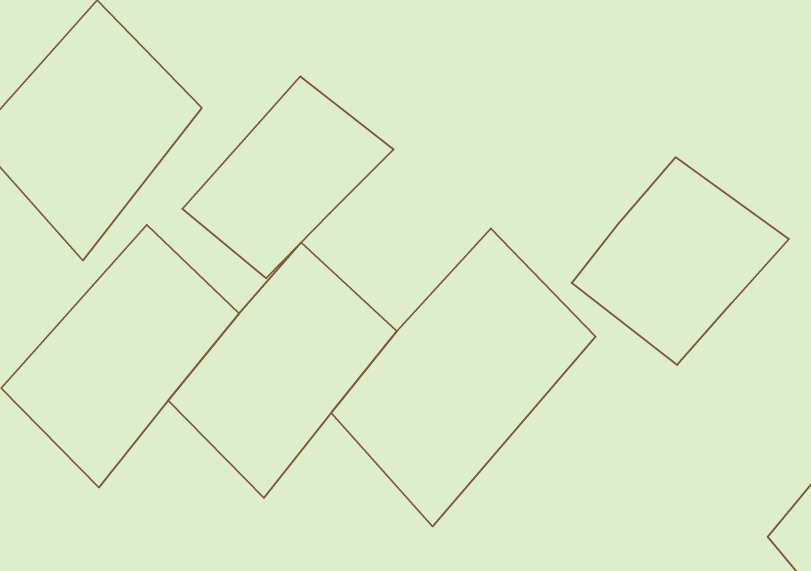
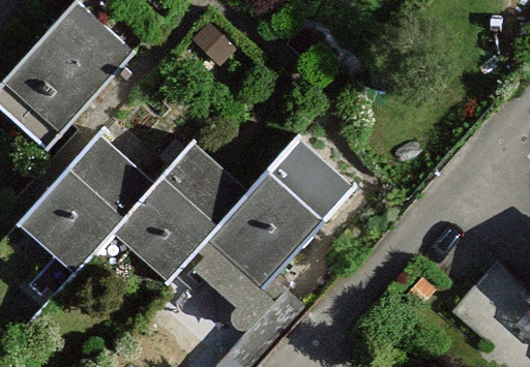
building: [182,76,394,278] -> none
building: [572,157,789,365] -> none

